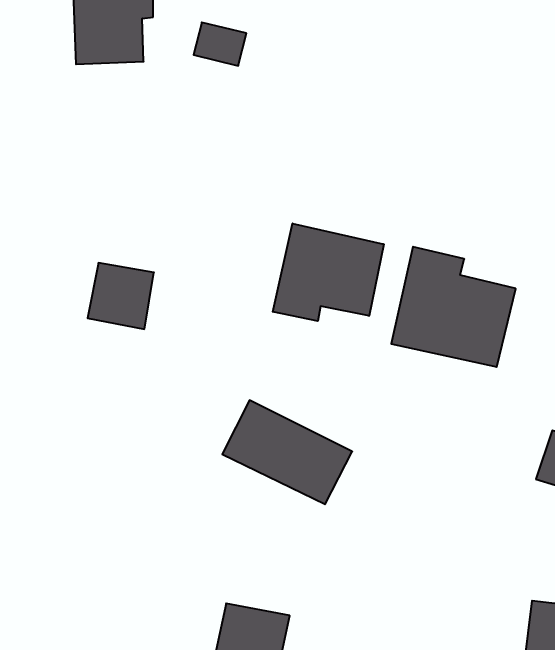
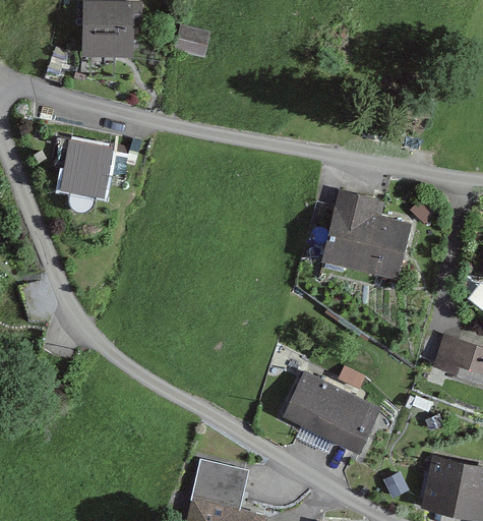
building: [273,223,384,321] -> none
building: [88,263,154,329] -> [63,142,113,192]
building: [222,400,352,504] -> [282,373,379,452]

